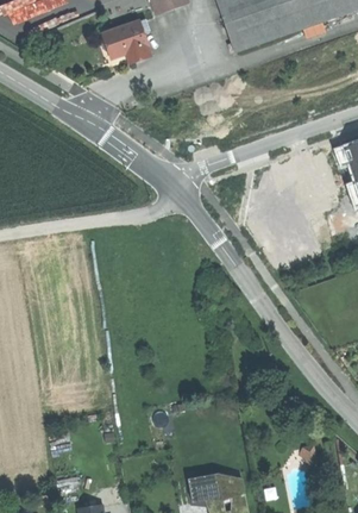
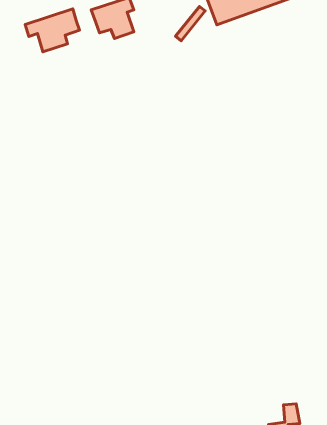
building: none -> [25,9,79,52]

